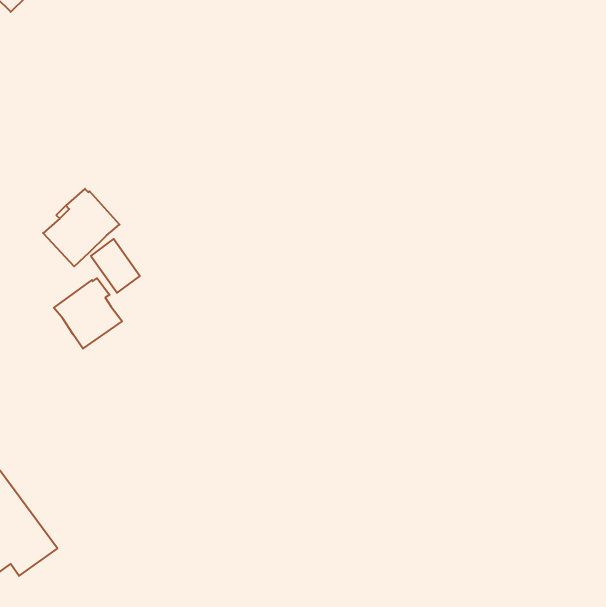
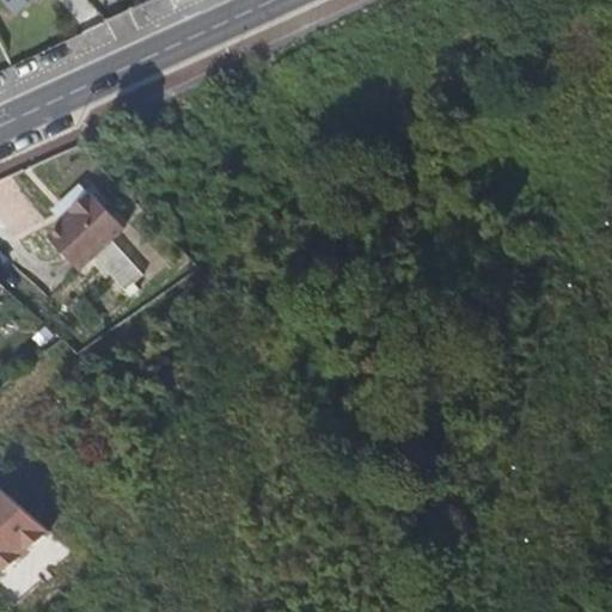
building: [54,278,122,349] -> none

